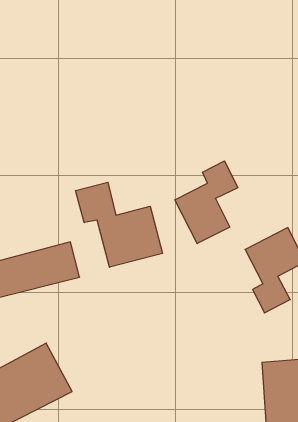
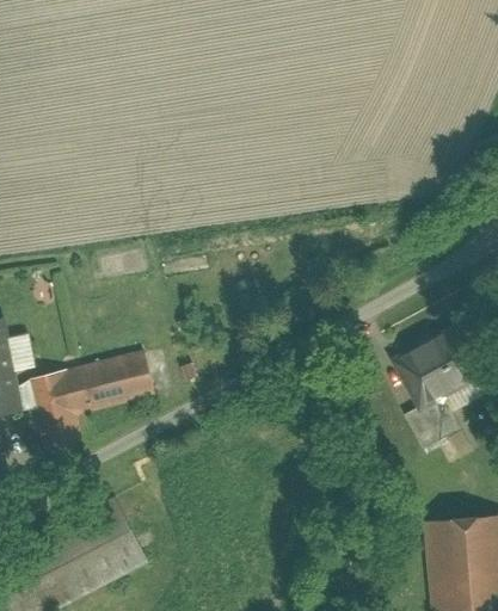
building: [175,161,238,244] -> none
building: [76,182,162,267] -> none

